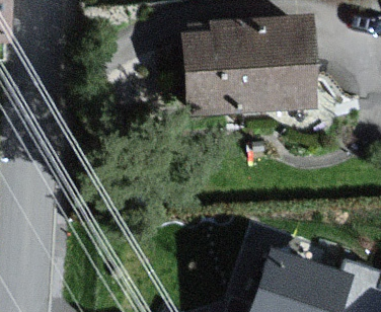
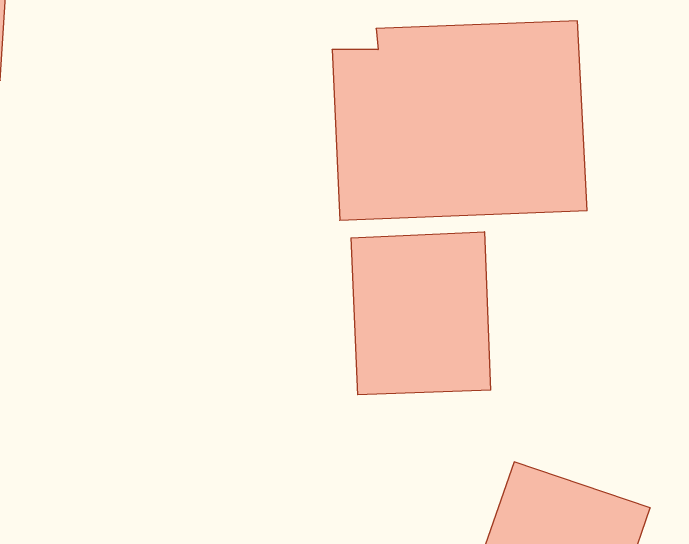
building: none -> [351,232,491,395]

